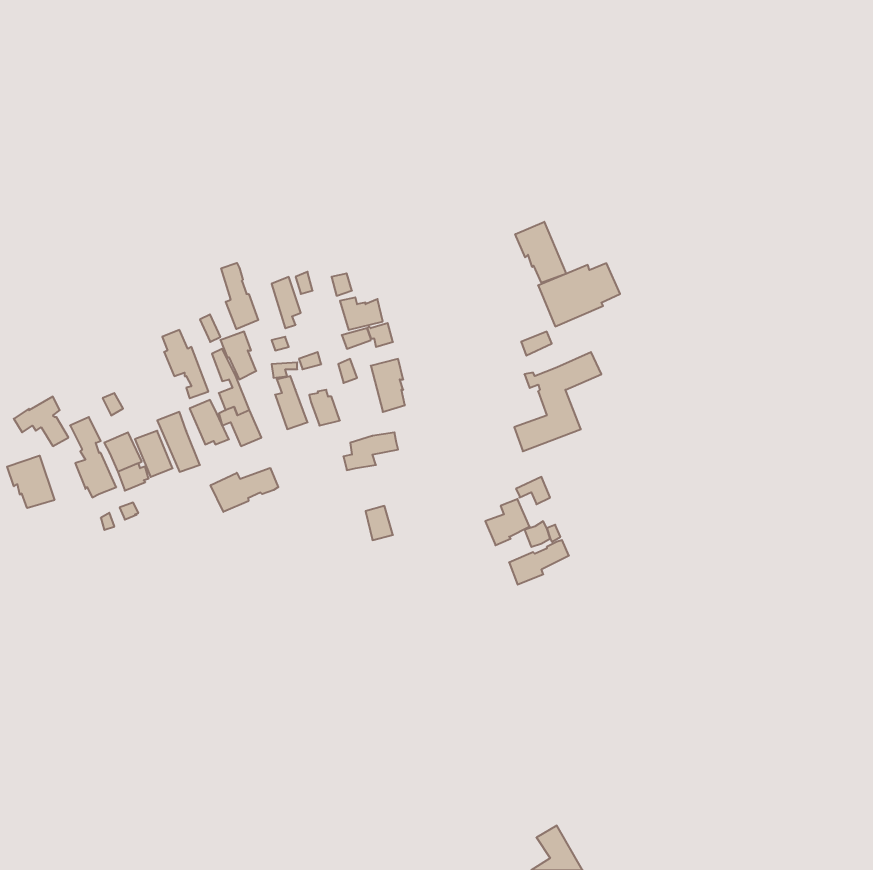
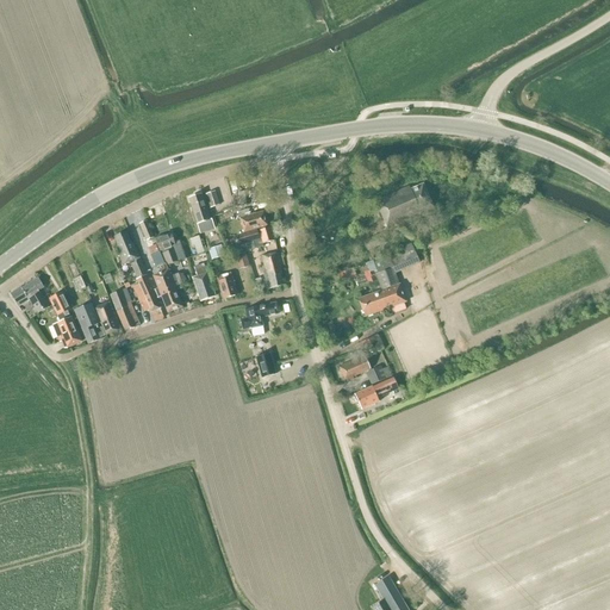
building: [515,222,566,283] -> none
building: [221,263,258,329] -> none
building: [7,456,54,508] -> none
building: [211,468,278,512] -> none

